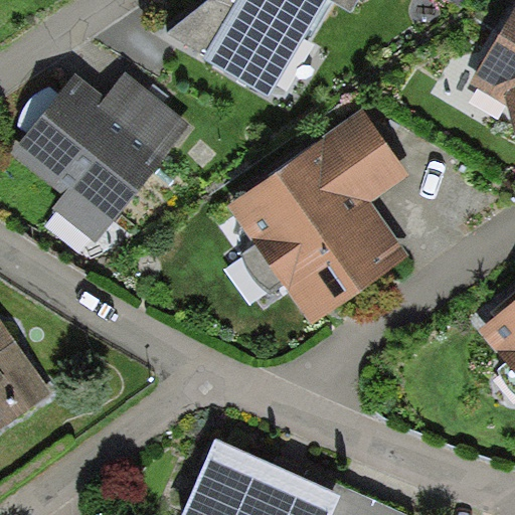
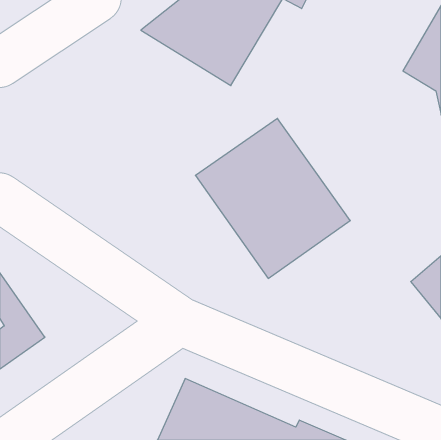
building: [10,73,191,241] -> none
building: [323,109,409,203] -> none

